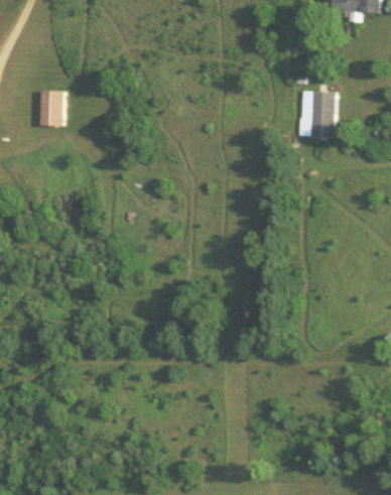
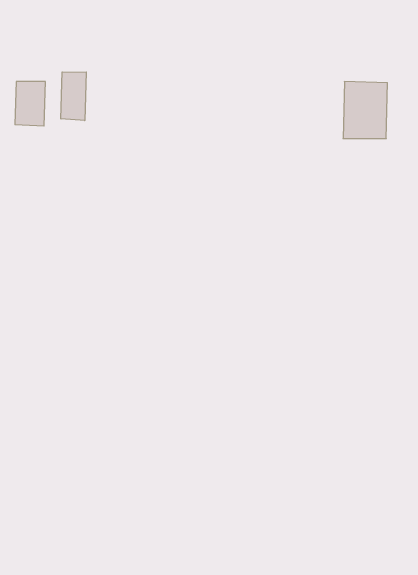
building: none -> [61,72,86,121]

